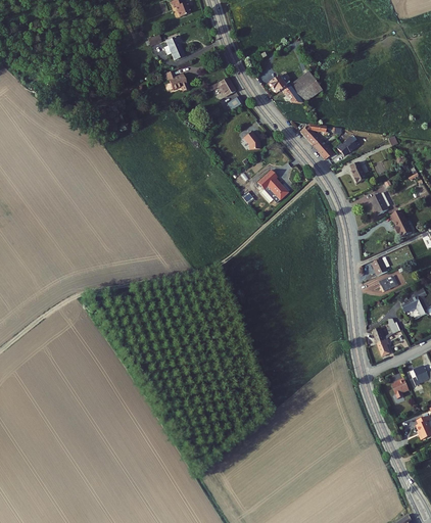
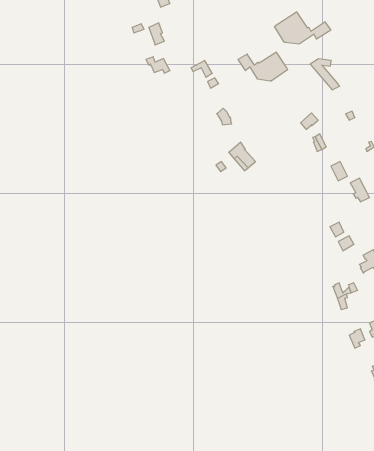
building: none -> [275,12,331,44]
building: [299,125,332,159] -> [310,59,340,90]

